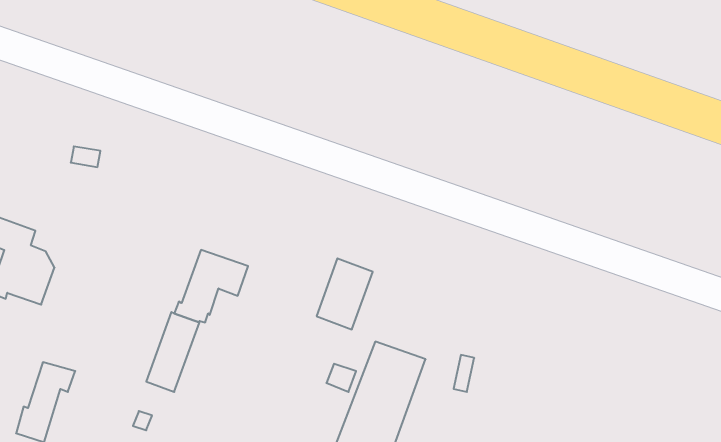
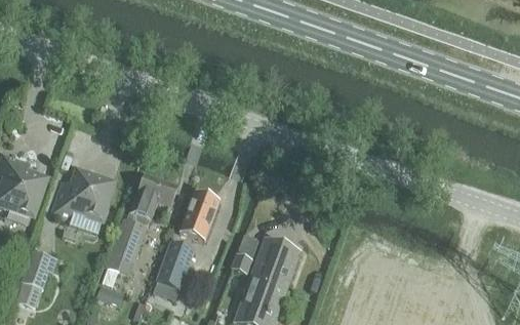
building: none -> [52,171,112,233]
building: [317,258,373,329] -> [181,192,219,241]
building: none -> [156,241,194,289]

